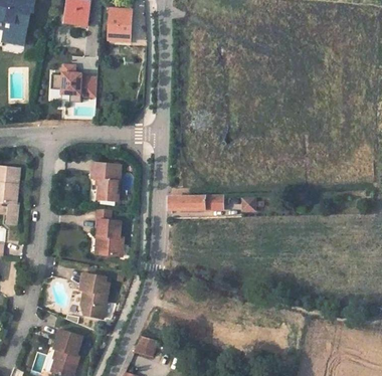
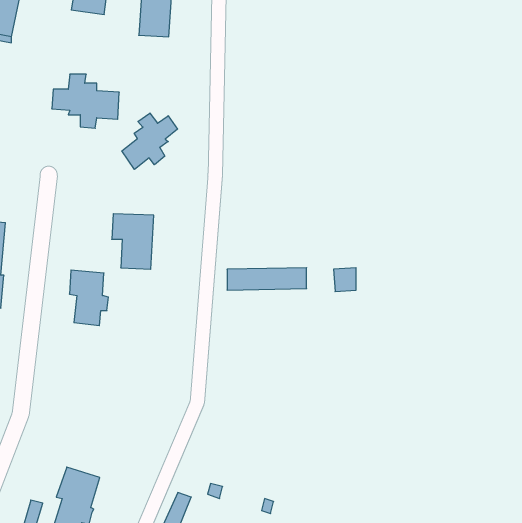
building: none -> [122,113,178,169]
building: [98,216,124,253] -> [69,270,108,326]
building: [79,273,110,319] -> none

